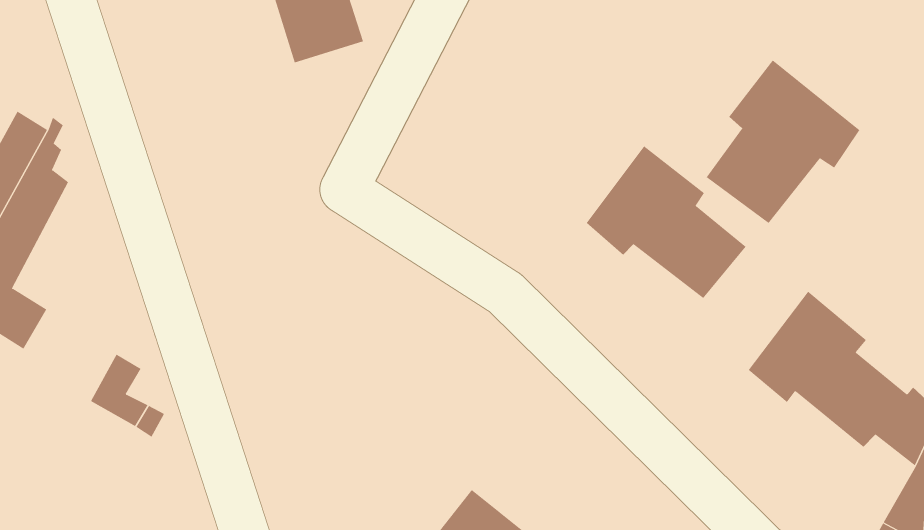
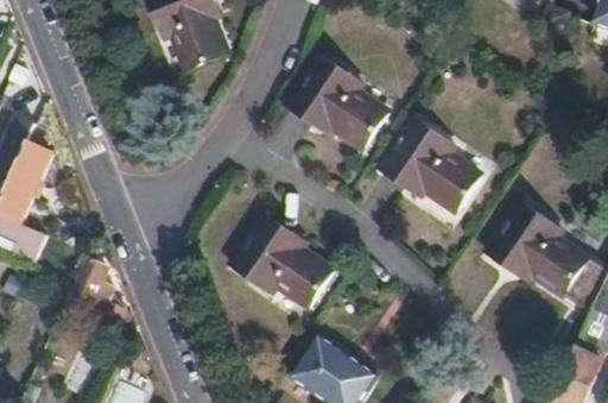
building: none -> [290,51,391,145]
building: [706,60,860,224] -> none
building: none -> [232,218,330,309]

